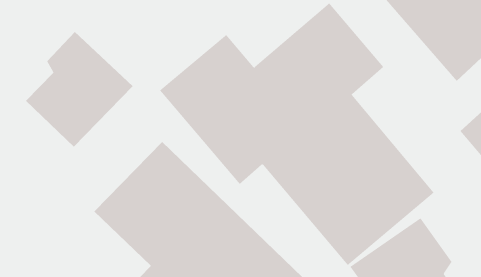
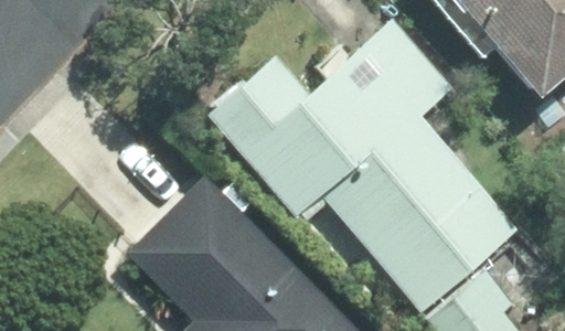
building: [25,31,133,148] -> none

